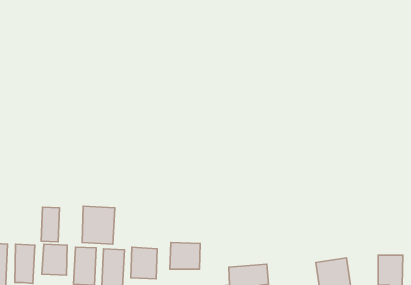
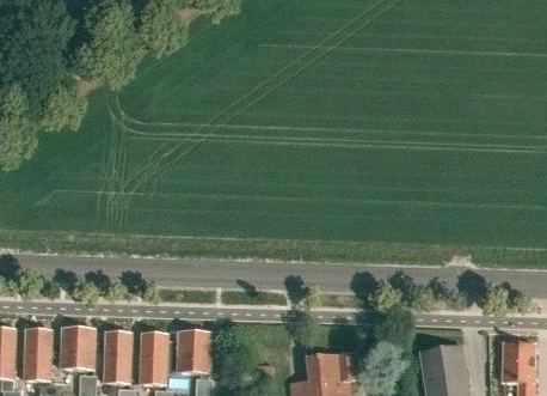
building: [82,206,115,244] -> none
building: [41,207,60,242] -> none
building: [170,243,200,269] -> none

